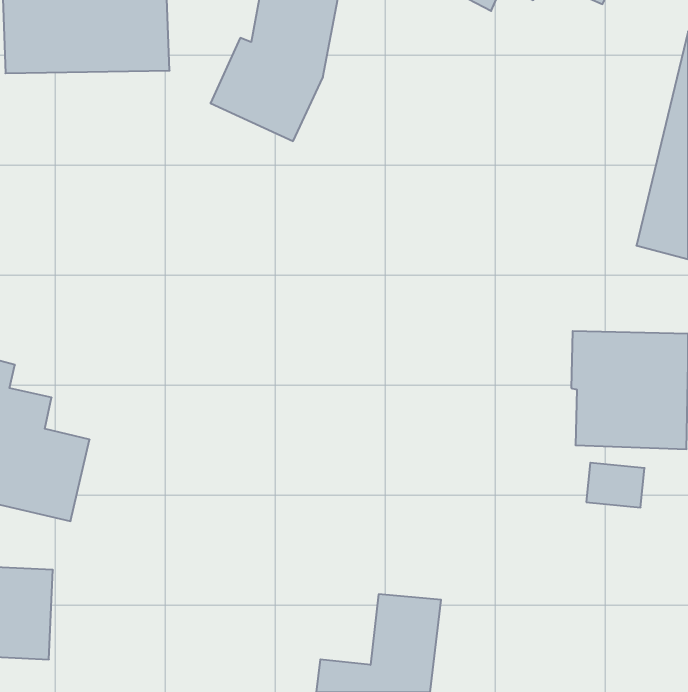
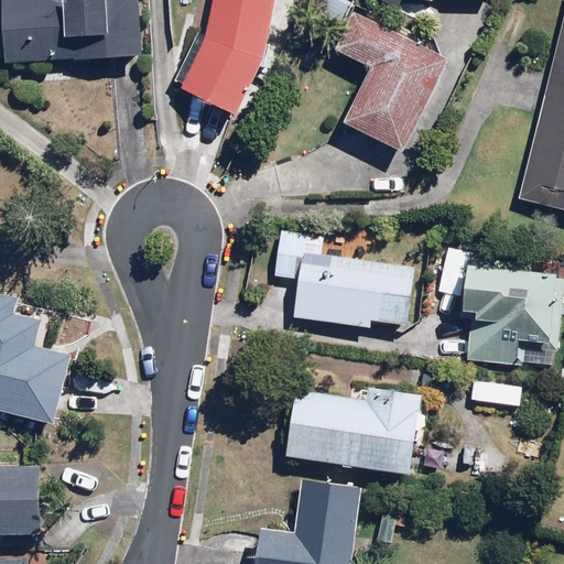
building: none -> [336,12,448,149]
building: none -> [272,227,414,328]
building: none -> [286,386,421,474]

